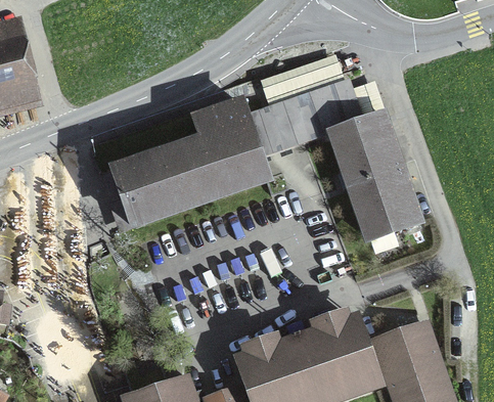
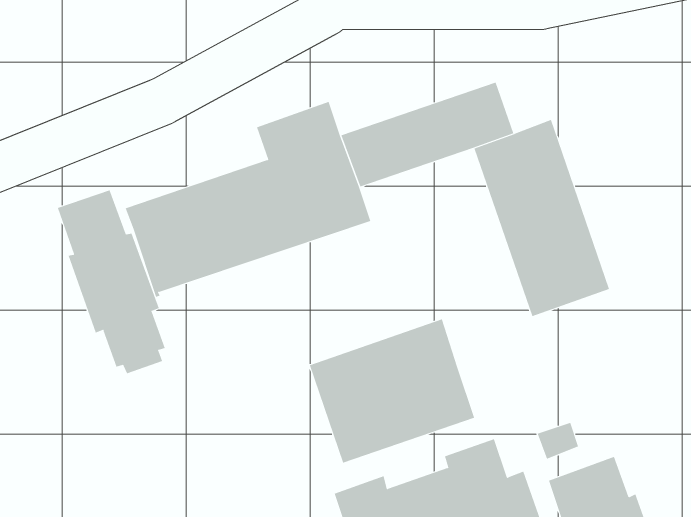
building: none -> [57,190,165,374]
building: none -> [309,318,475,464]

